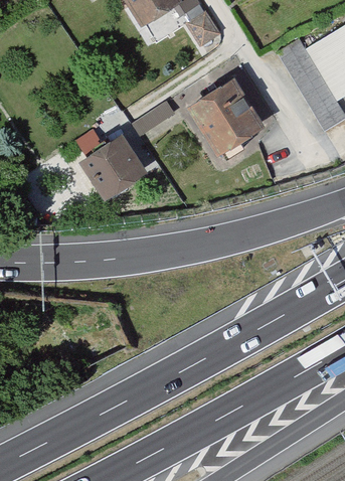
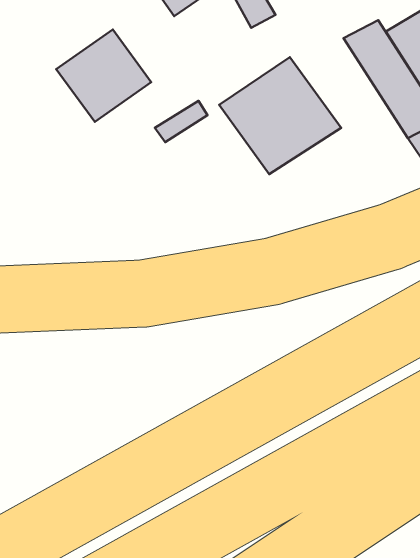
building: [74,124,149,196] -> [56,29,151,122]

